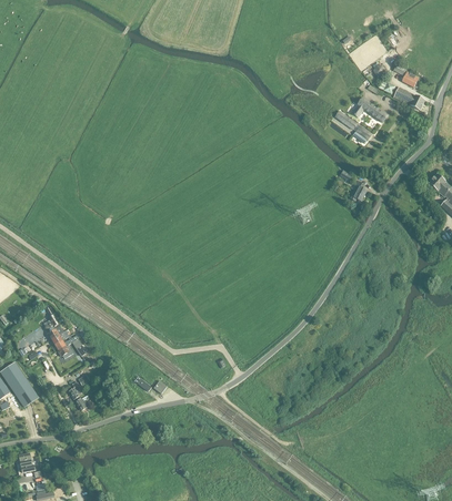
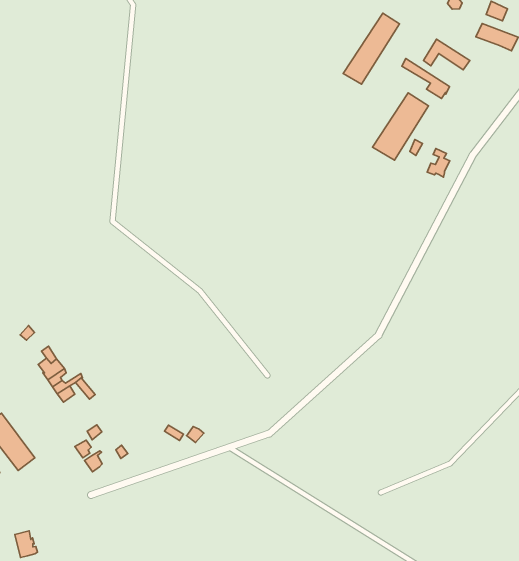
building: none -> [343,13,399,84]
building: none -> [372,93,429,160]

